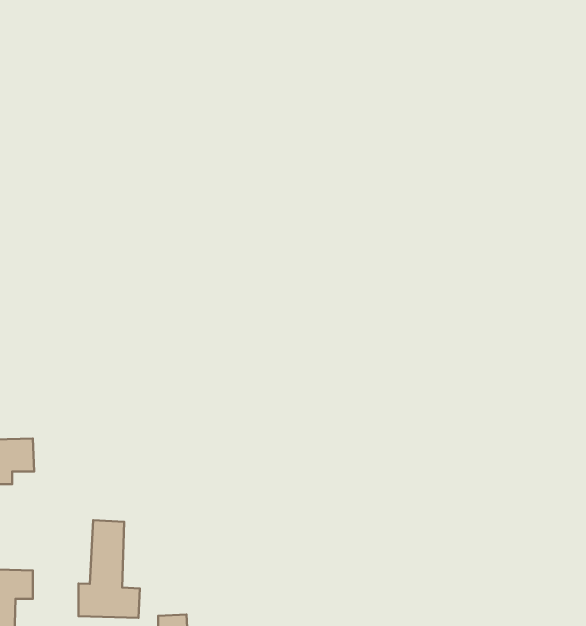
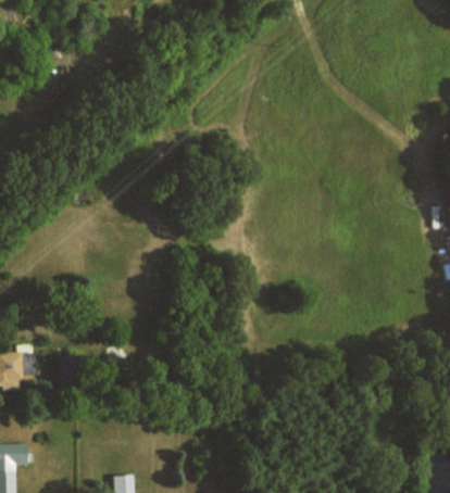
building: [78,520,140,618] -> none

